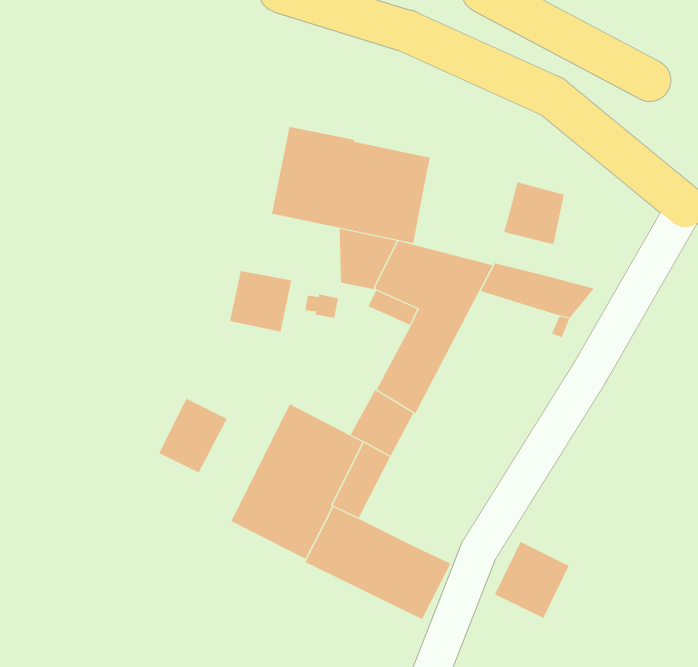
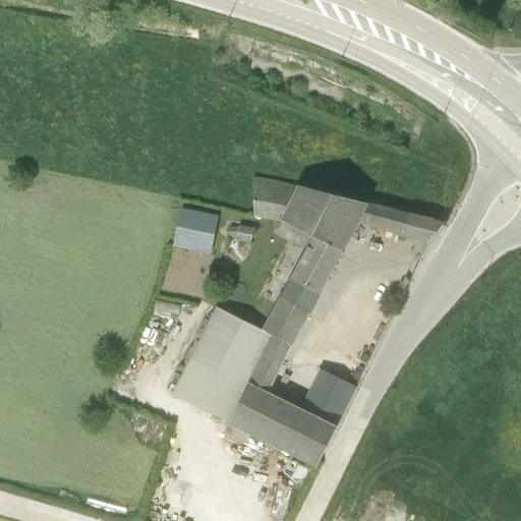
building: [271,126,430,244] -> none
building: [503,181,565,245] -> none
building: [158,398,228,473] -> none
building: [494,541,570,619] -> [300,368,356,426]

